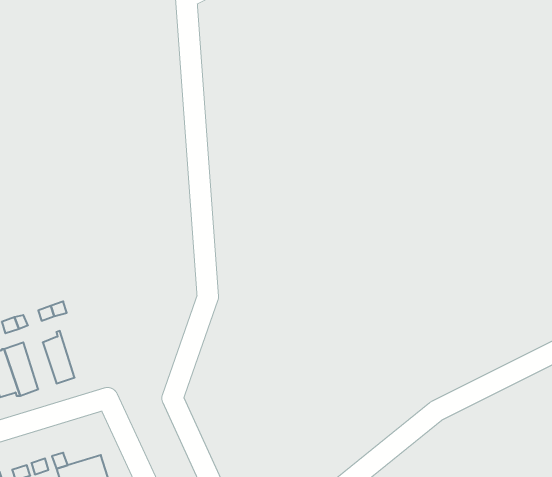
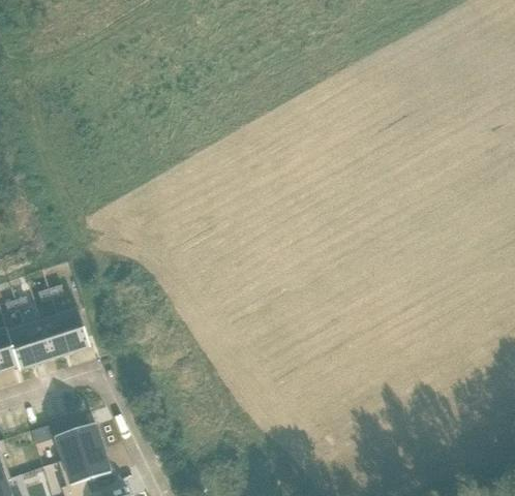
building: none -> [56,306,89,354]
building: none -> [23,317,53,365]

